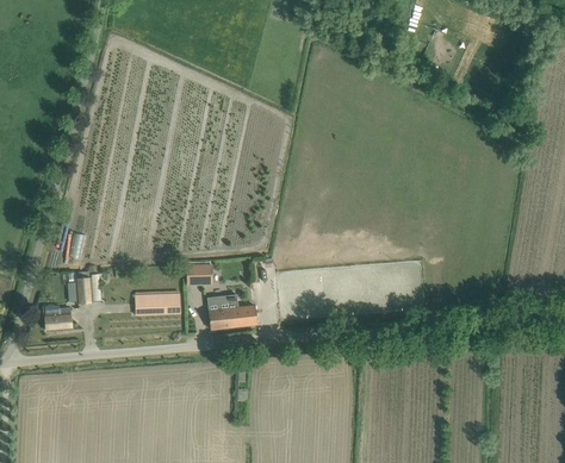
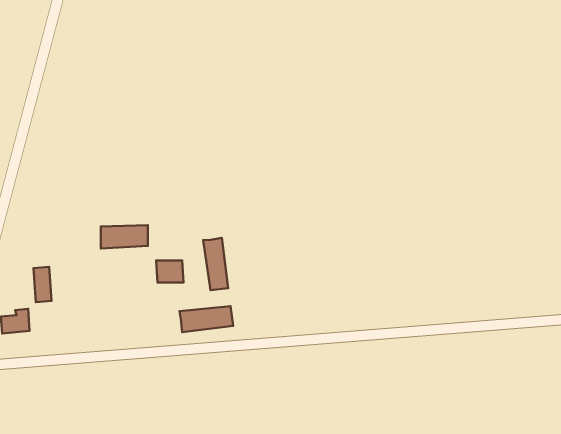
building: none -> [203,238,228,290]
building: [136,292,179,313] -> [101,225,148,249]

